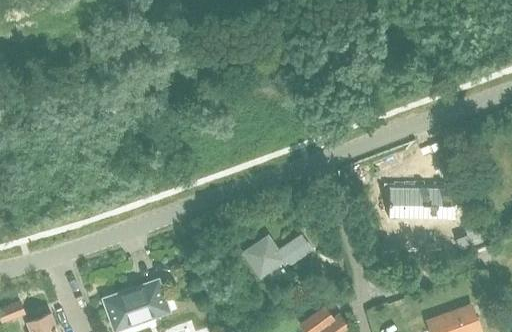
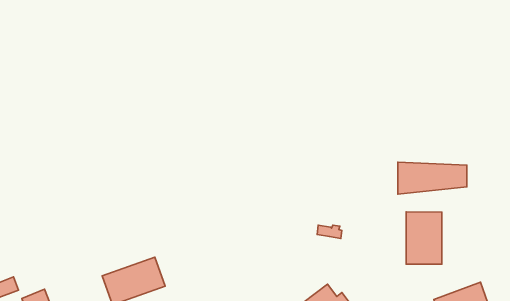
building: [246,237,309,274] -> none
building: none -> [406,212,442,264]

